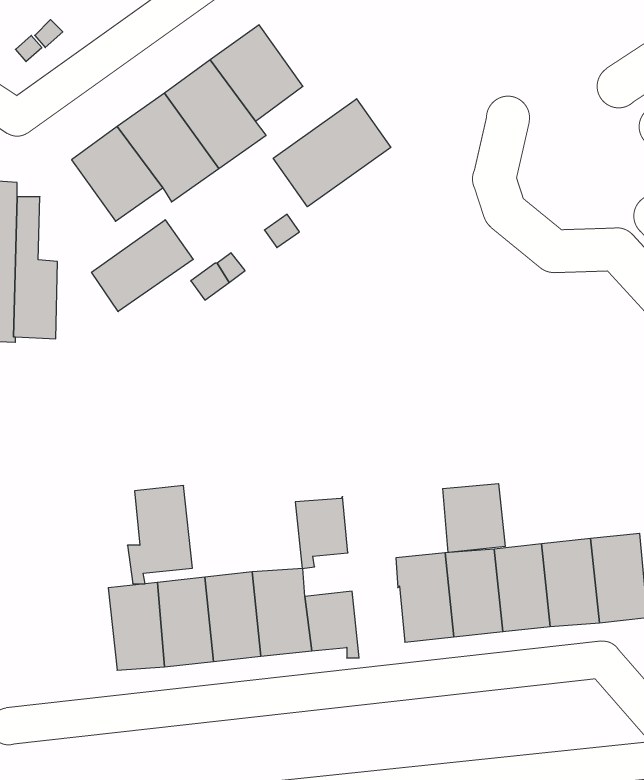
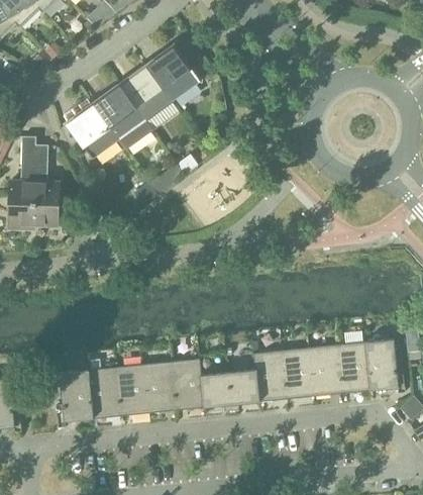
building: [273,99,391,207] -> none
building: [92,220,193,312] -> none
building: [443,484,505,552] -> none
building: [127,486,192,584] -> [55,370,92,426]
building: [295,497,348,569] -> [227,369,257,410]

